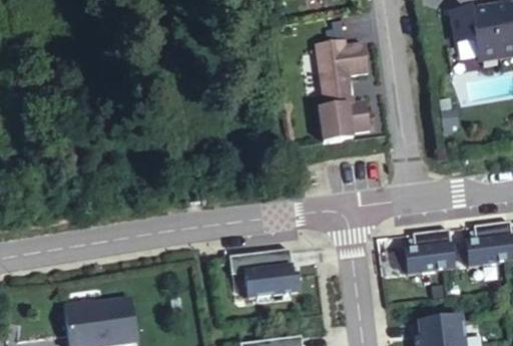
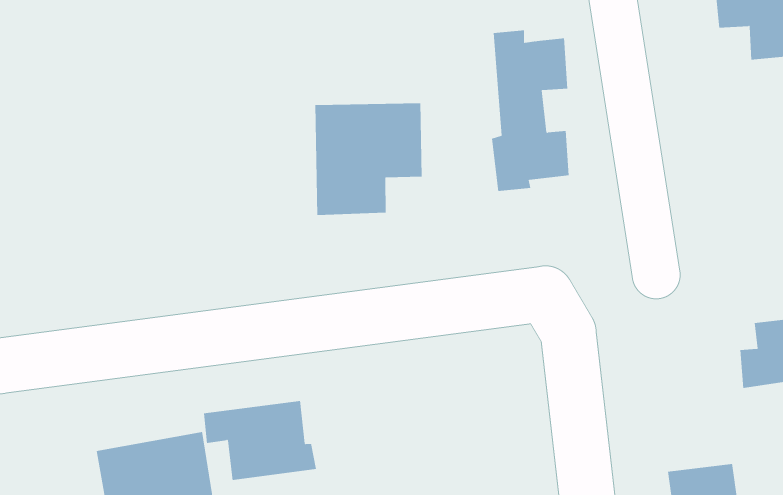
building: none -> [315,103,422,216]
building: [405,227,456,272] -> none
building: [231,248,303,298] -> [203,400,317,480]

